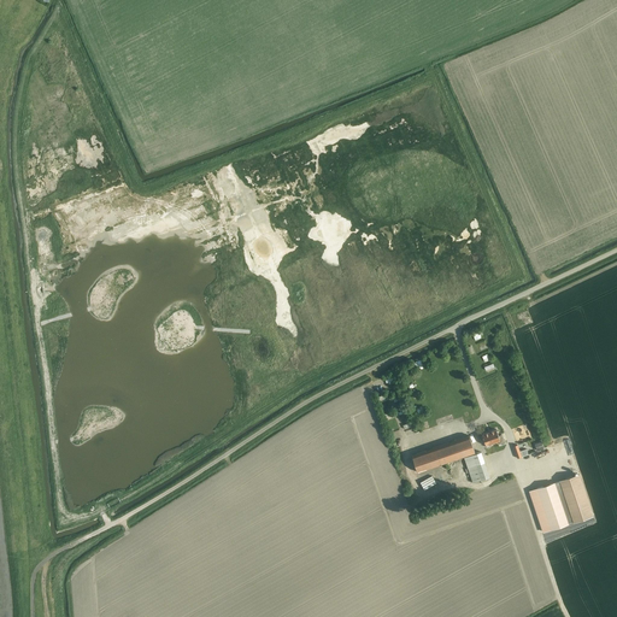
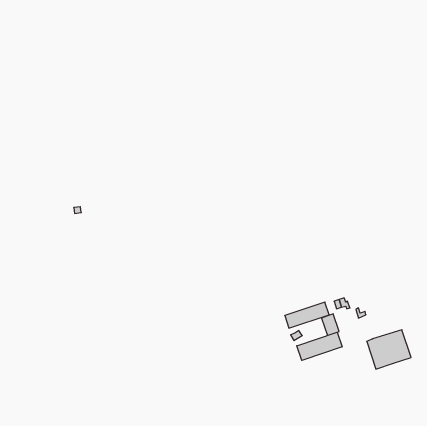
building: none -> [297,332,342,360]

